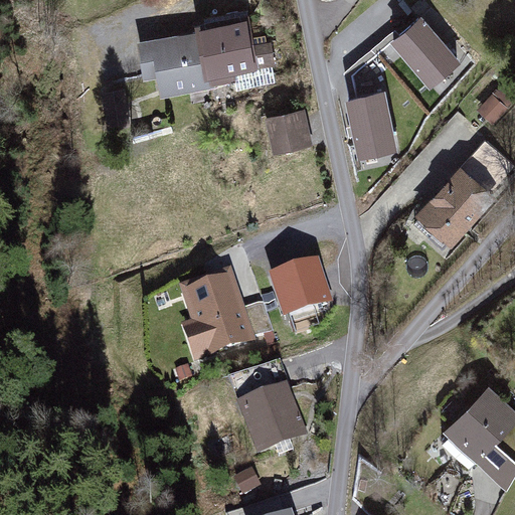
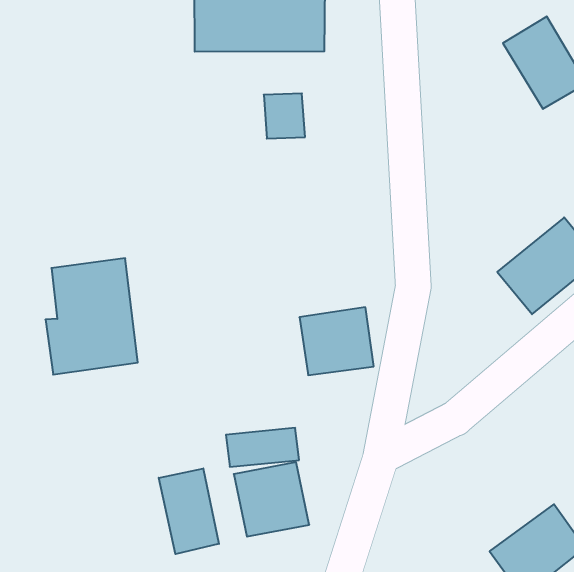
building: [347,92,397,159] -> none
building: [269,113,306,152] -> [264,93,305,139]
building: [180,270,259,368] -> [45,258,138,375]
building: none -> [159,468,219,554]

